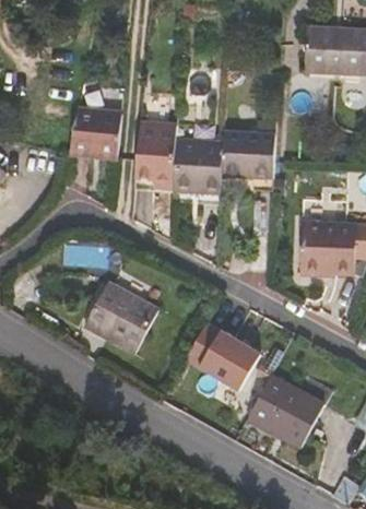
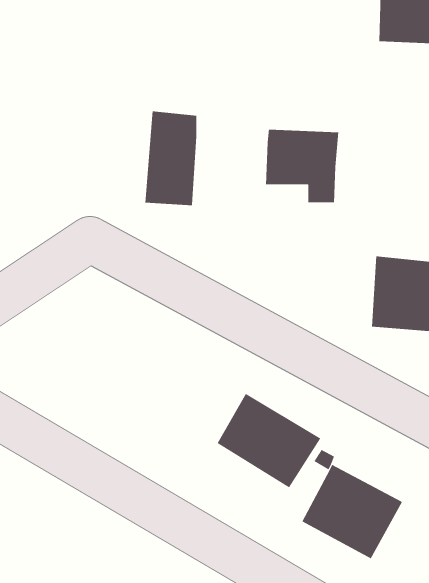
building: [69,106,122,156] -> none
building: [170,138,224,191] -> none
building: [85,280,158,350] -> none

